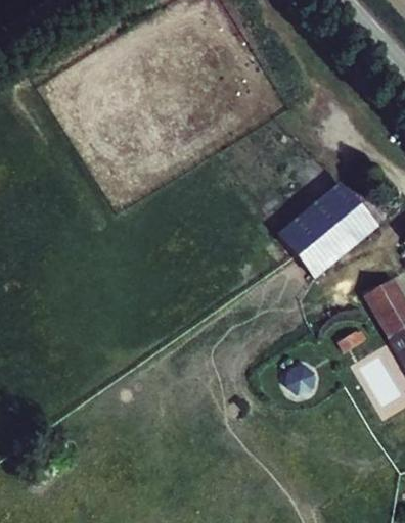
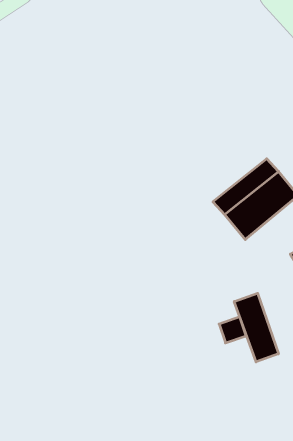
building: none -> [234,293,278,362]

